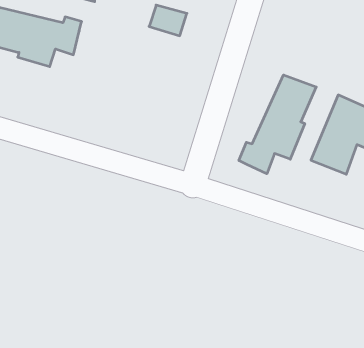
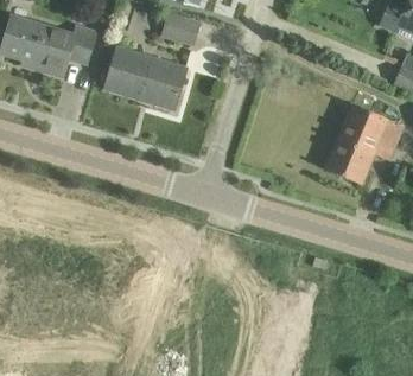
building: none -> [104,46,186,109]
building: [239,75,316,174] -> none

